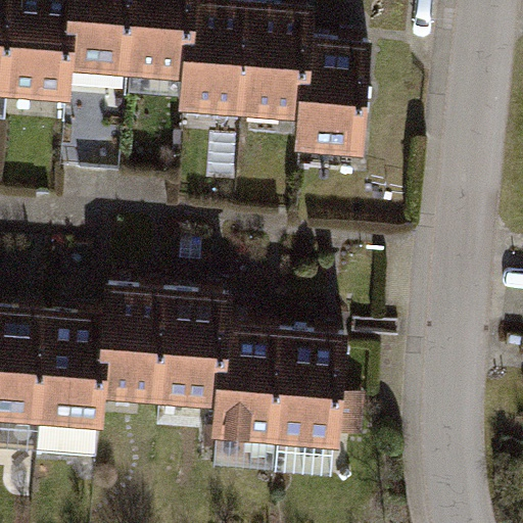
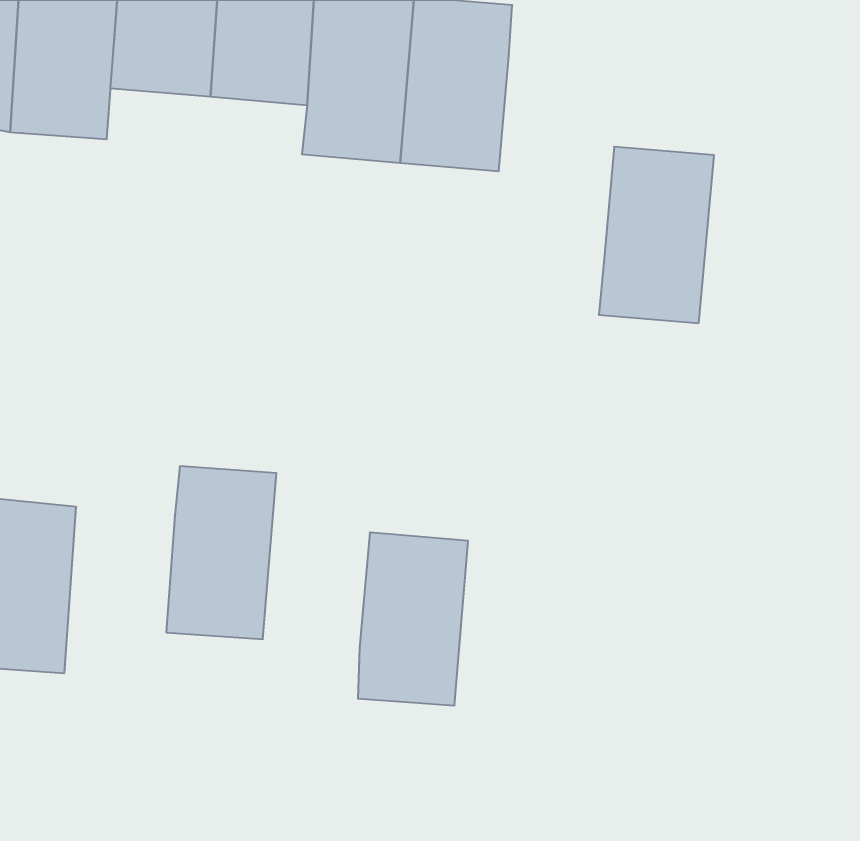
building: [297,49,367,155] -> [599,147,714,323]
building: [158,300,226,406] -> none
building: [39,321,105,426] -> none
building: [274,341,342,445] -> none

